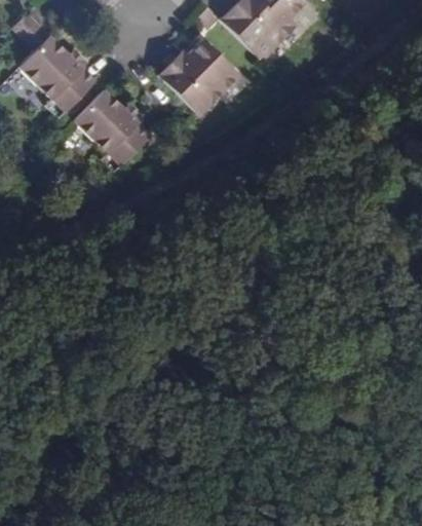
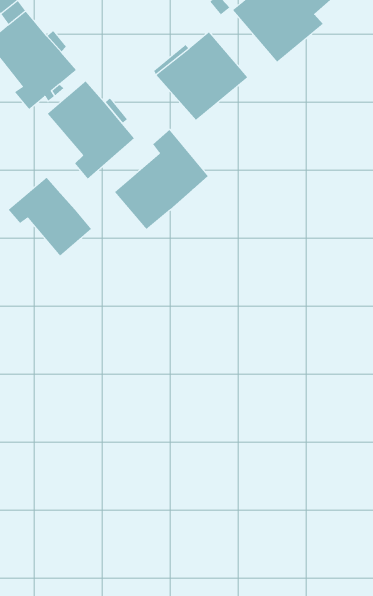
building: none -> [114,129,209,230]
building: none -> [8,177,92,256]

